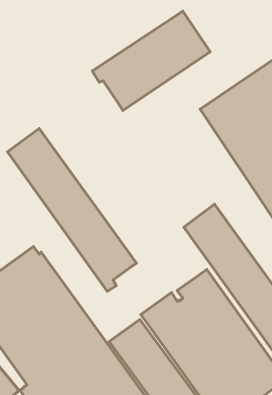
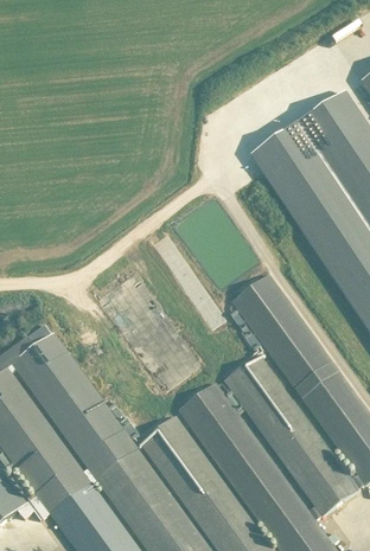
building: [92,11,210,110] -> none
building: [8,129,136,291] -> none

